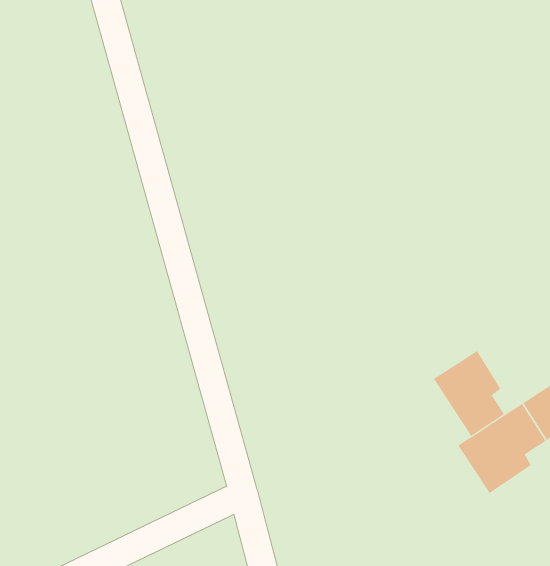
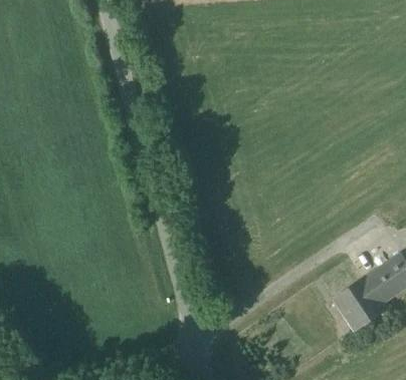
building: [433,350,505,437] -> none

